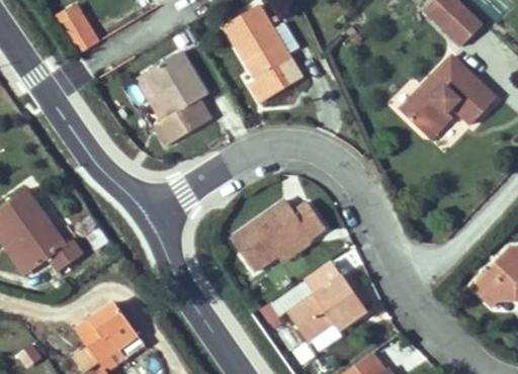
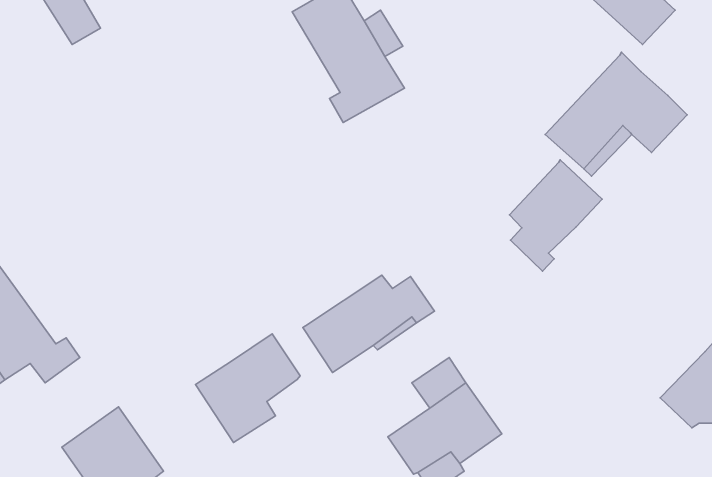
building: [147,53,210,146] -> none
building: none -> [509,160,602,271]
building: none -> [196,334,300,443]

